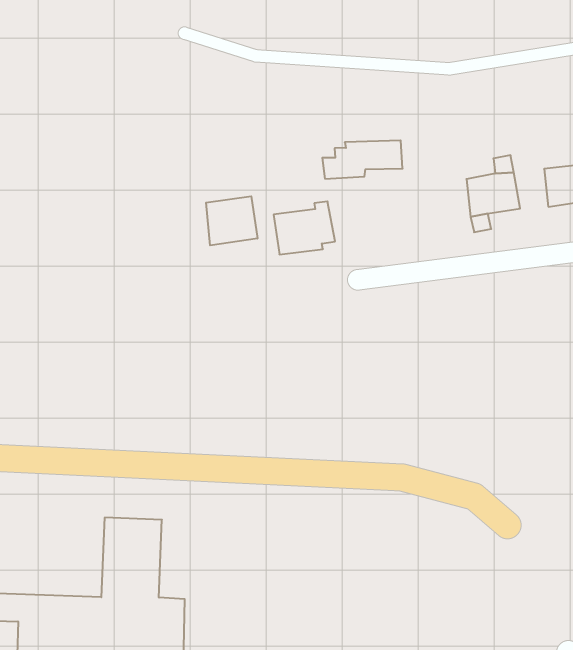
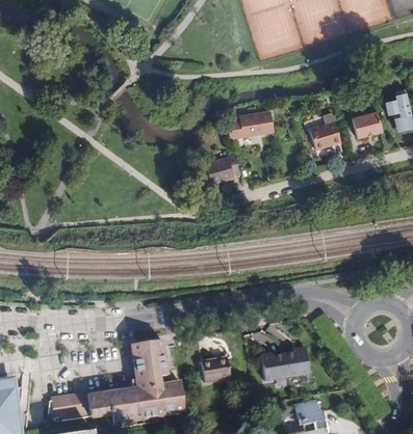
building: [206,196,257,245] -> none
building: none -> [201,355,231,382]
building: none -> [261,348,311,382]

